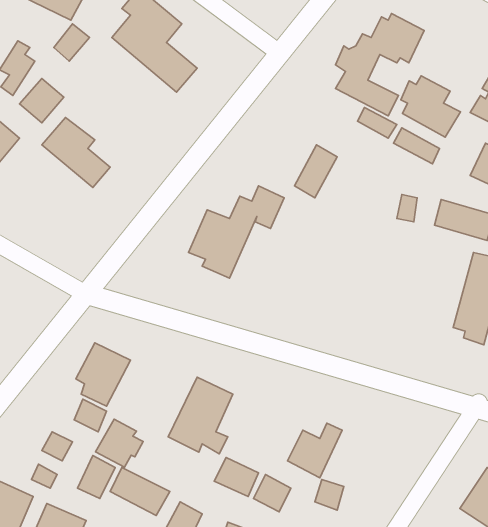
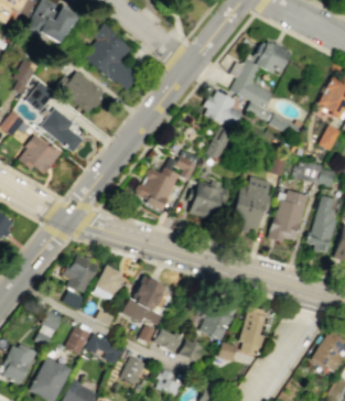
building: none -> [61,71,104,113]
building: [401,76,461,137] -> [205,91,244,131]
building: none -> [20,134,64,174]
building: none -> [229,176,271,234]
building: none -> [191,182,224,219]
building: none -> [269,189,308,242]
building: [95,419,143,467] -> [95,265,126,296]
building: none -> [239,306,270,355]

